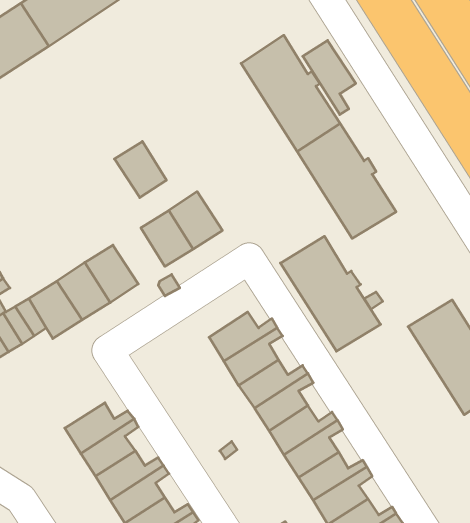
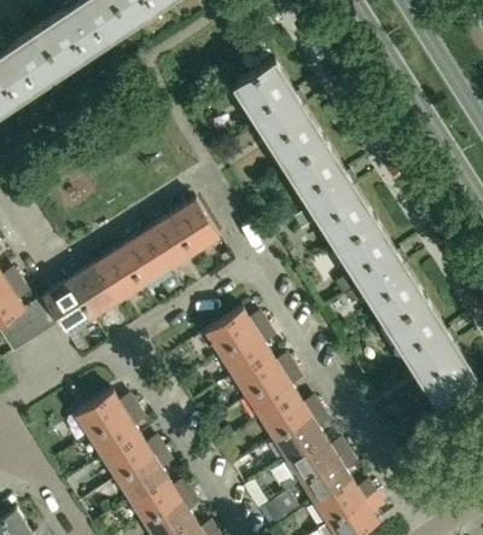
building: [303,40,356,115] -> none
building: [114,141,166,198] -> [118,234,165,285]
building: [280,236,381,351] -> [334,220,425,324]

